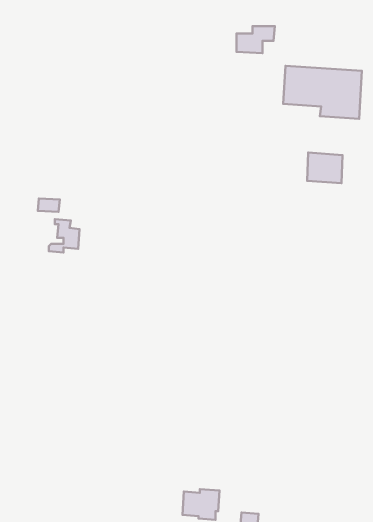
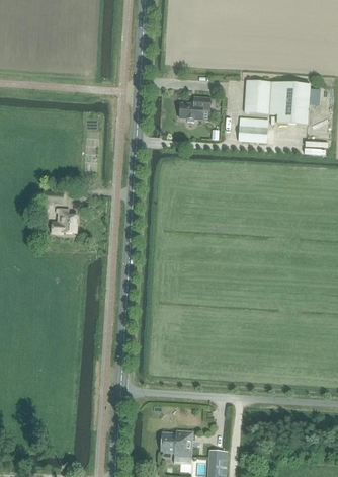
building: [237,26,275,53] -> [180,98,212,121]
building: [307,153,343,183] -> [239,116,268,142]

